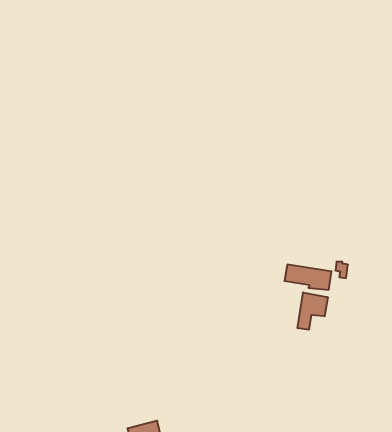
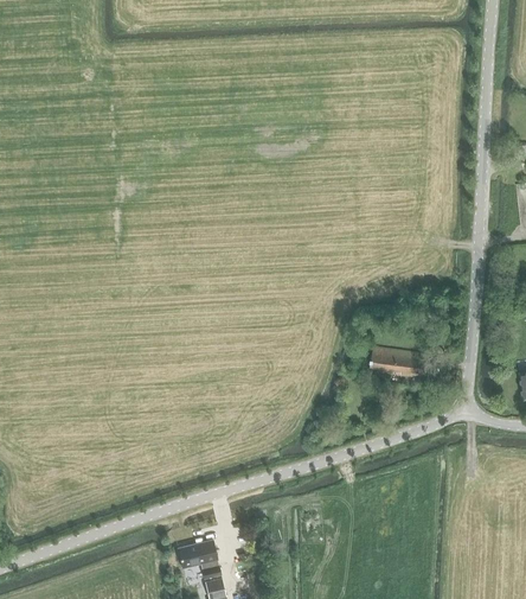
building: [298,292,328,330] -> none

